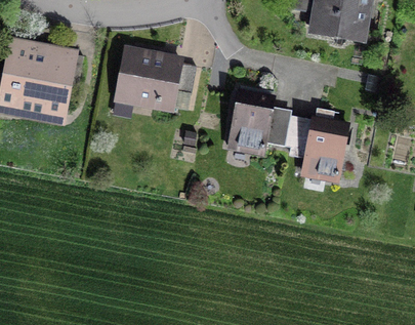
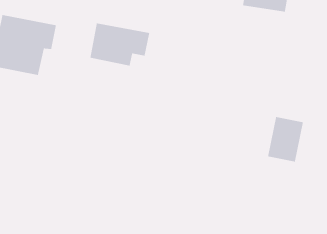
building: [229,92,290,150] -> none
building: [302,119,347,176] -> [267,116,304,163]

